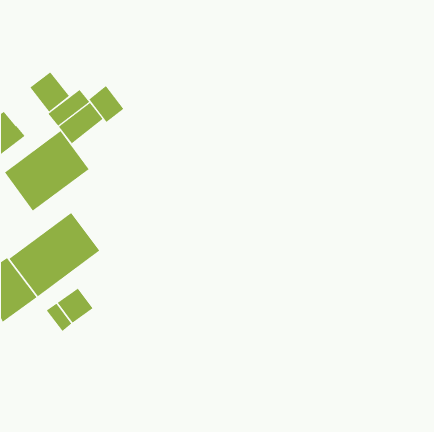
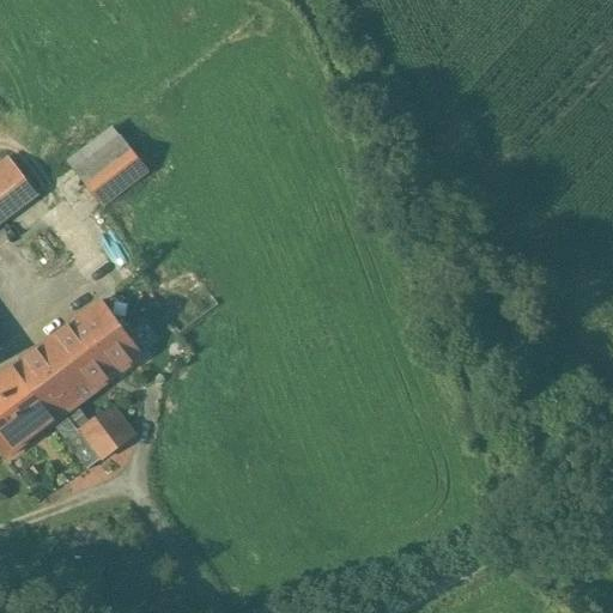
building: [30,72,70,113] -> none
building: [88,85,124,123] -> none
building: [4,130,89,212] -> none

